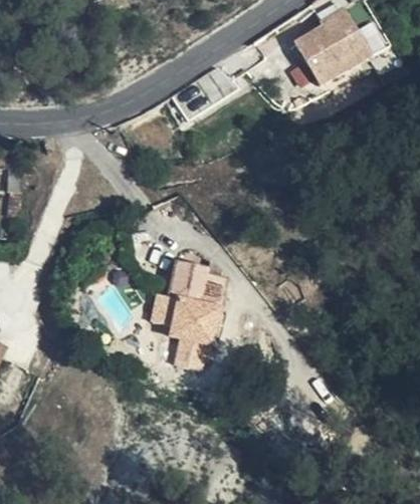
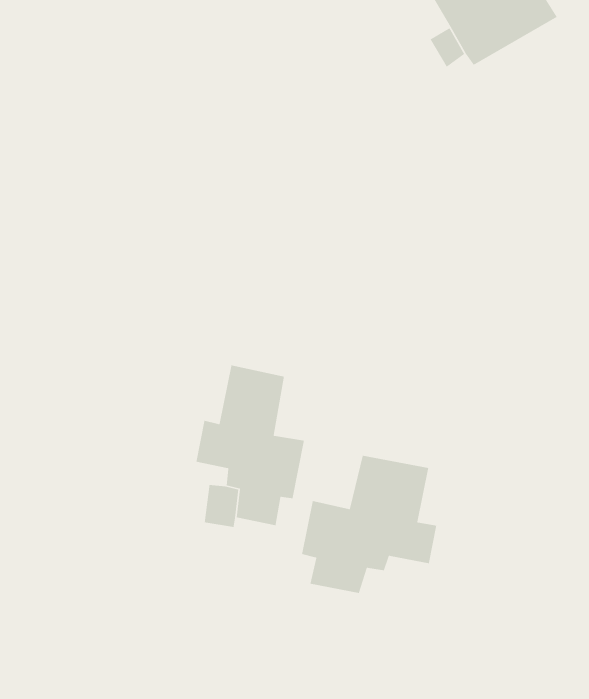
building: none -> [301,455,437,594]

